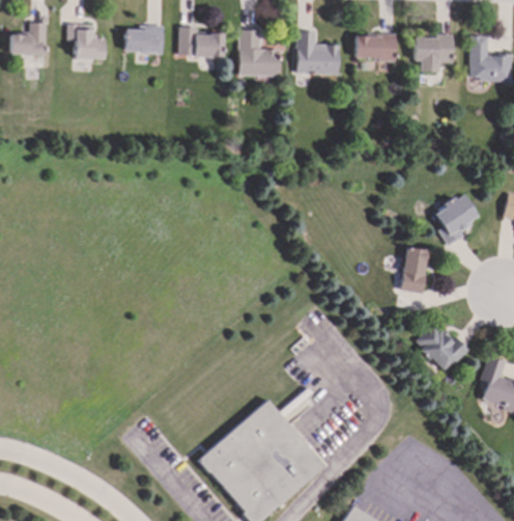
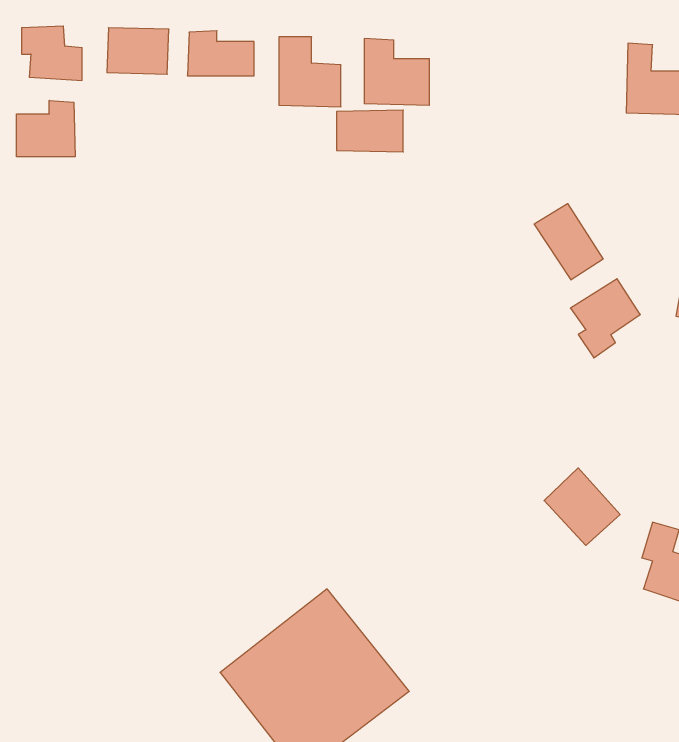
building: [412,33,453,73] -> none
building: [352,34,397,62] -> [337,110,403,152]
building: none -> [17,100,75,157]
building: none -> [534,204,603,280]
building: [400,246,428,293] -> none

